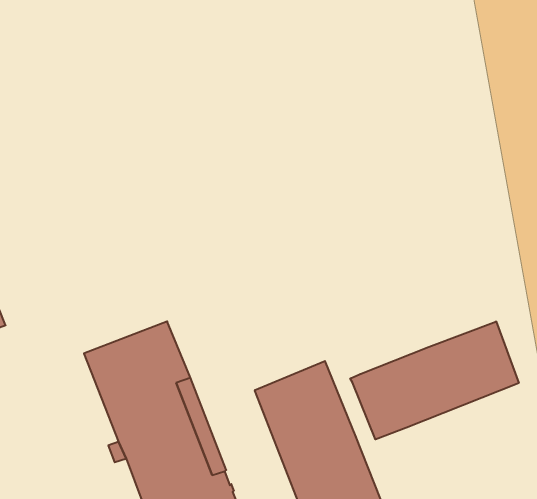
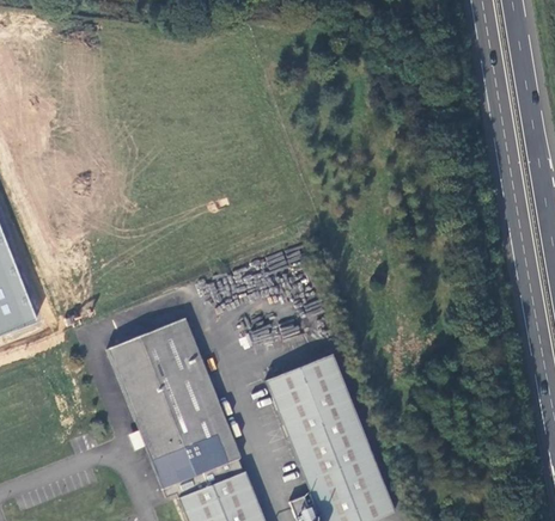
building: [350,321,519,439] -> none

